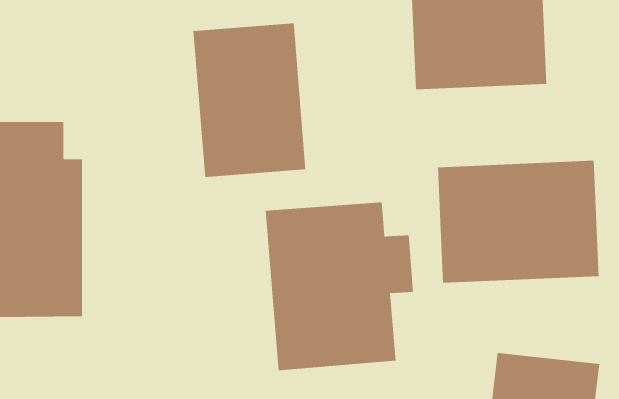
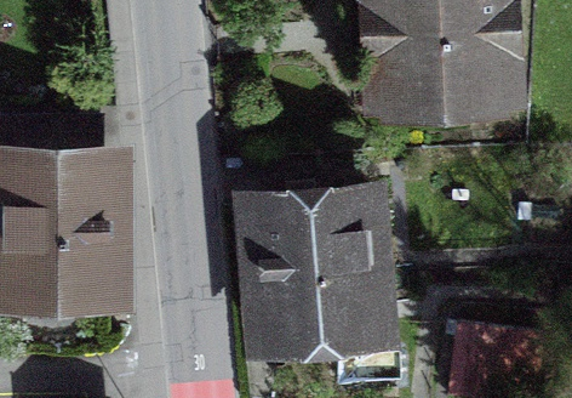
building: [193,22,306,178] -> none
building: [437,160,599,283] -> none

